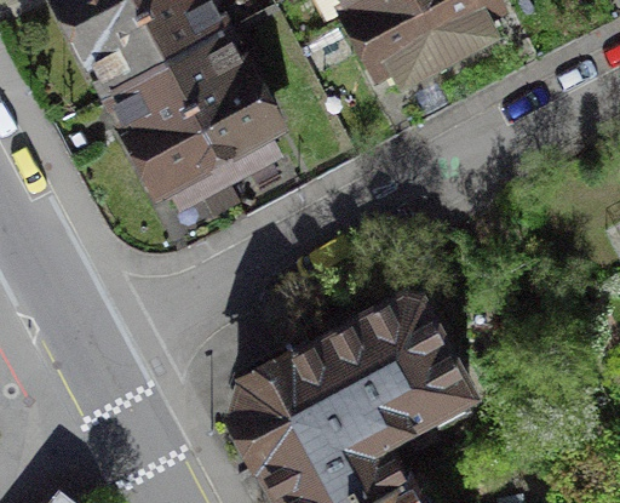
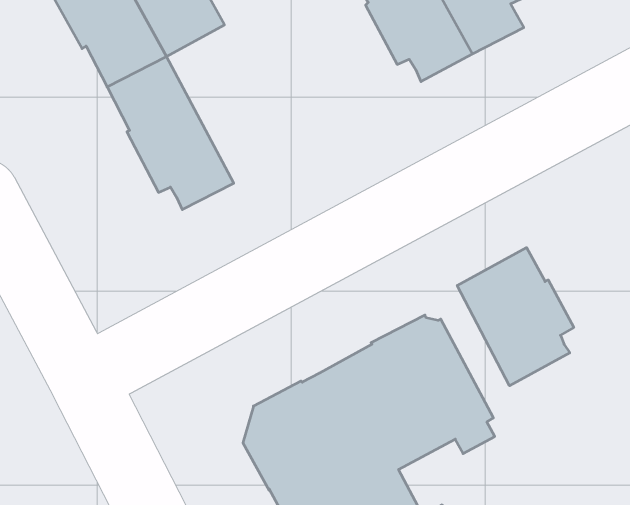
building: [167,33,275,178] -> none
building: none -> [457,248,574,386]

